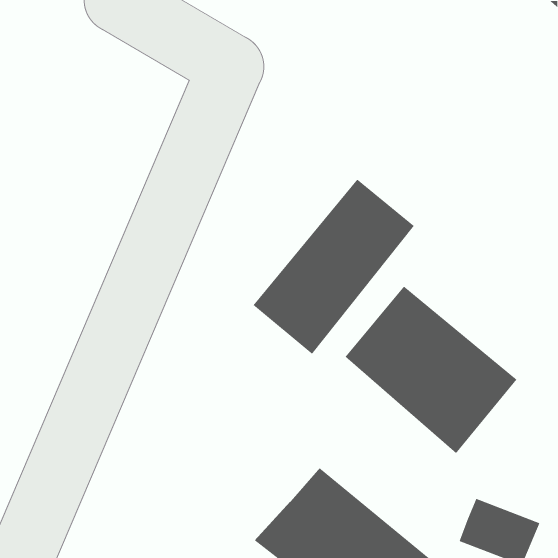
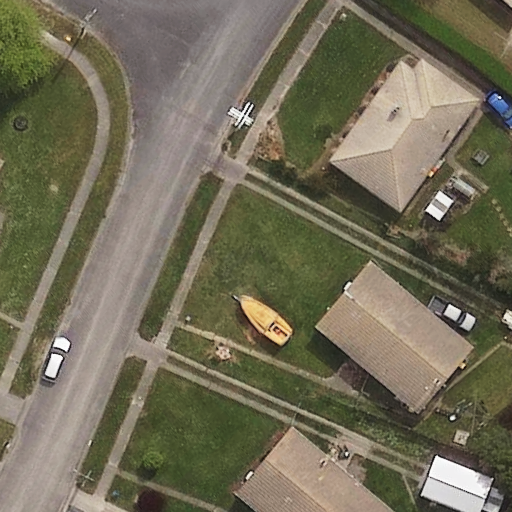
building: none -> [327,60,479,213]
building: [253,179,415,355] -> none

